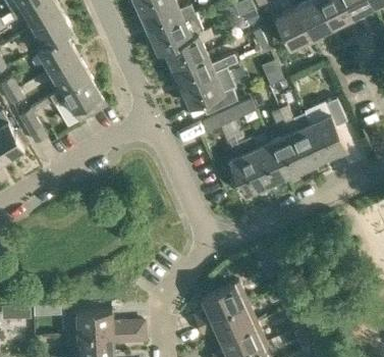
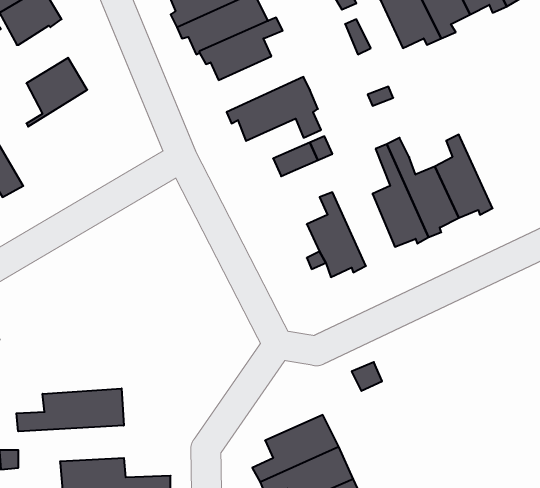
building: [38,35,76,71] -> none
building: [172,54,237,90] -> none
building: [51,75,107,122] -> none
building: [244,137,284,188] -> none
building: none -> [16,388,124,431]

